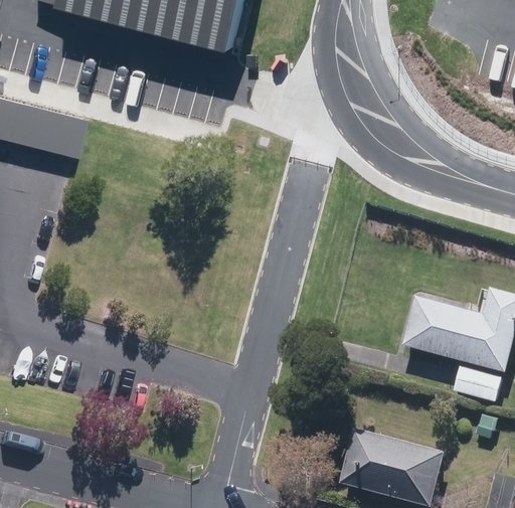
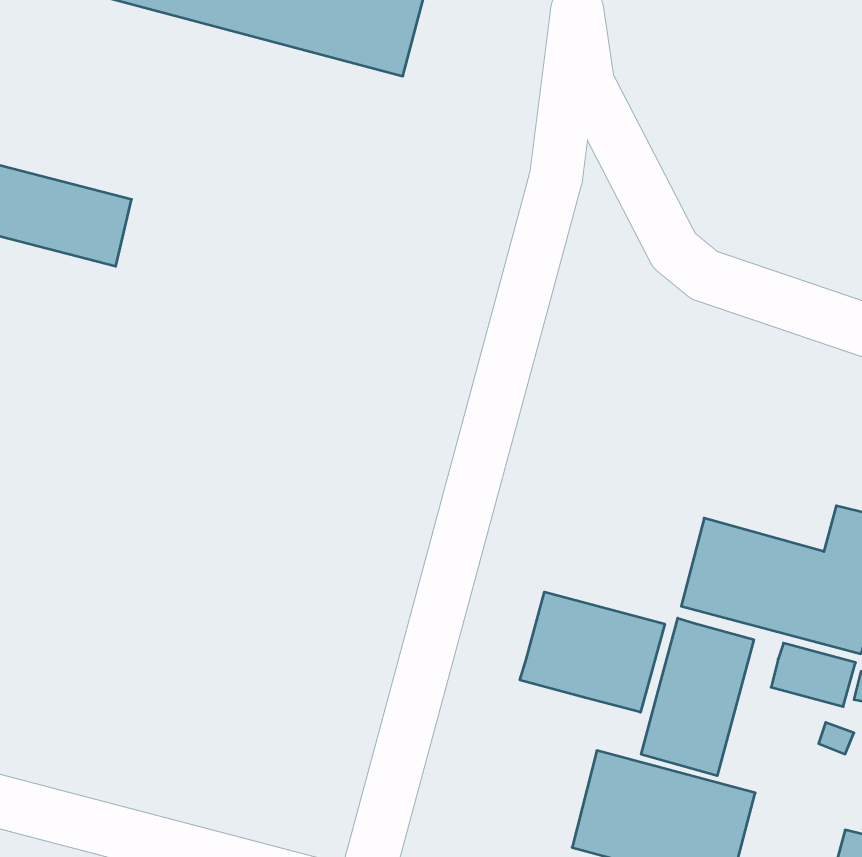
building: none -> [520,592,665,712]
building: none -> [641,618,754,776]

